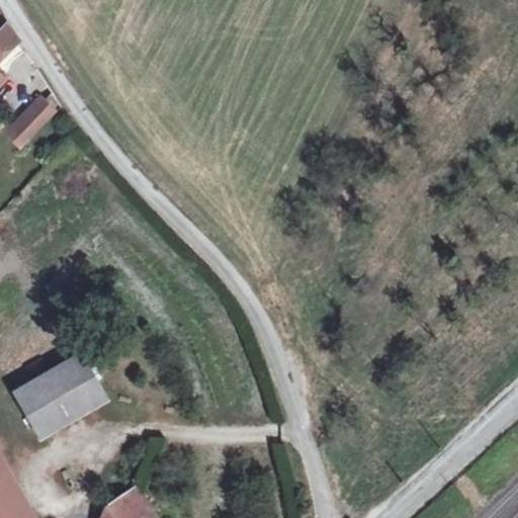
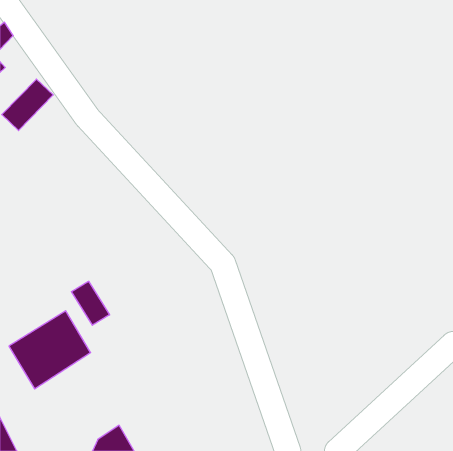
building: none -> [71,281,110,325]

